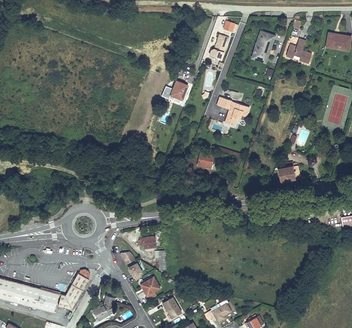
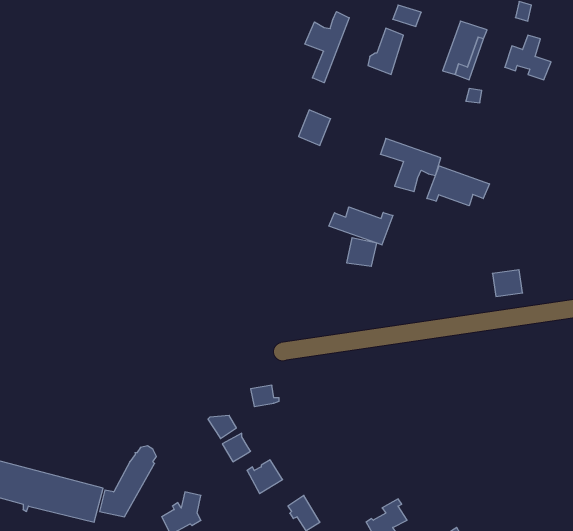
building: none -> [305,12,349,83]
building: none -> [427,166,489,206]
building: none -> [329,207,393,245]

